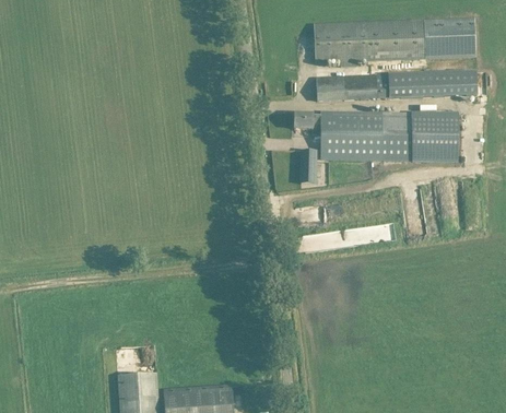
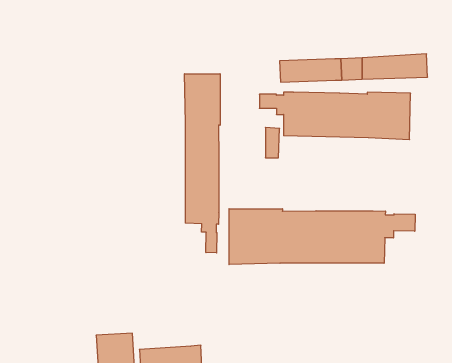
building: [315,17,475,66] -> none
building: none -> [185,74,220,253]
building: none -> [229,209,415,265]

